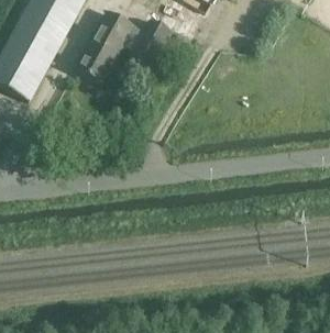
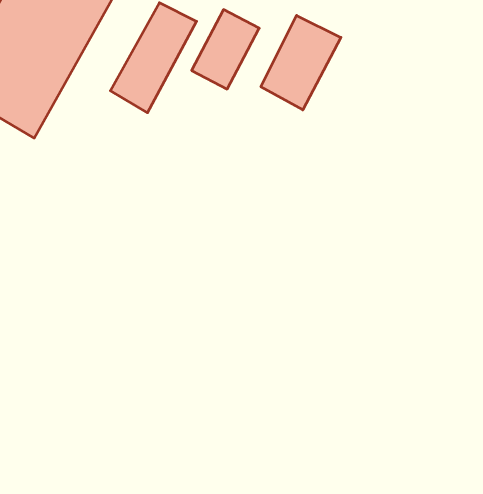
building: none -> [261,15,341,110]

